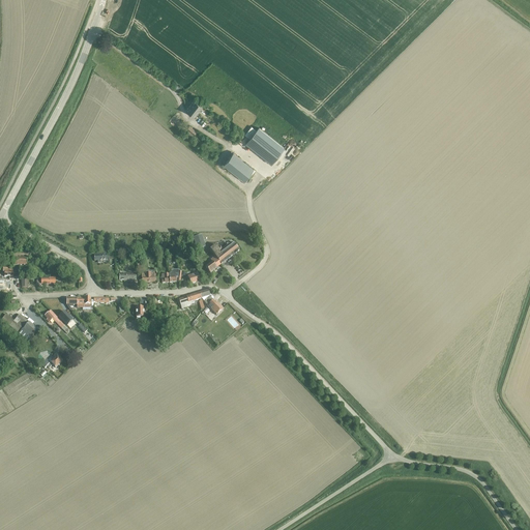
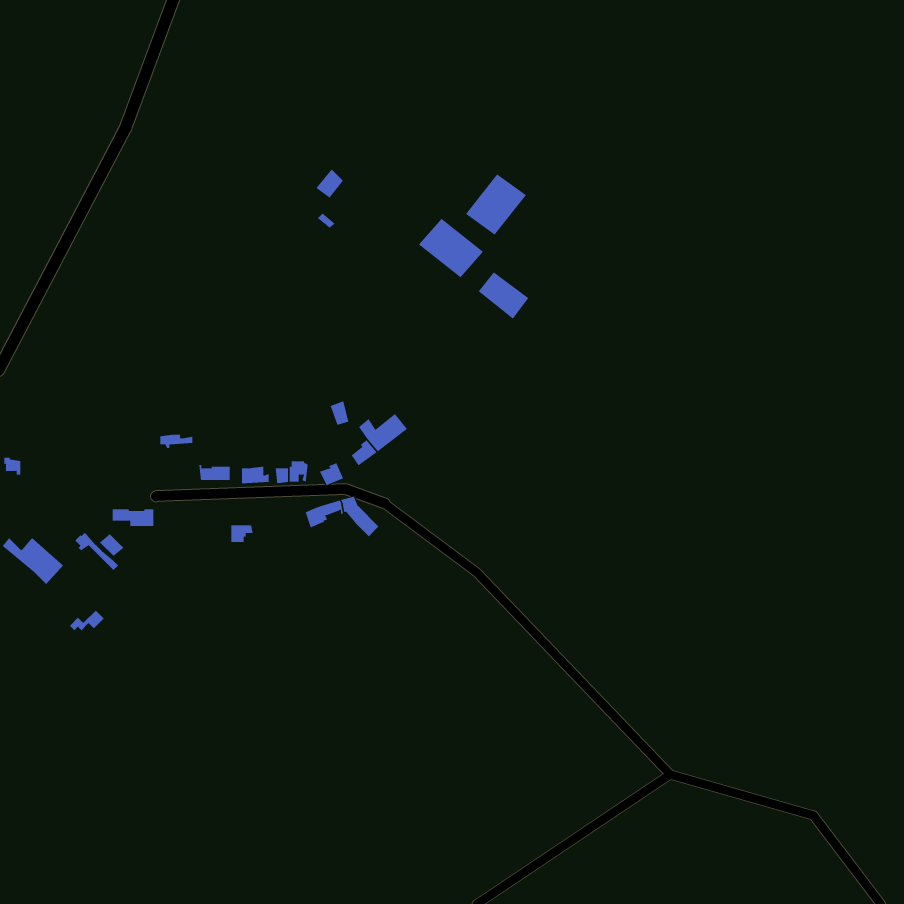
building: none -> [465,174,527,236]
building: [223,152,253,180] -> [478,272,529,320]

